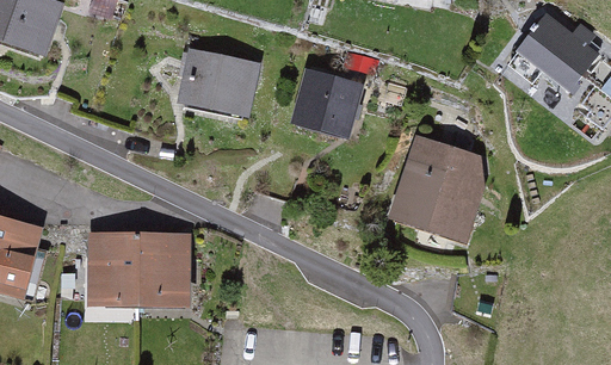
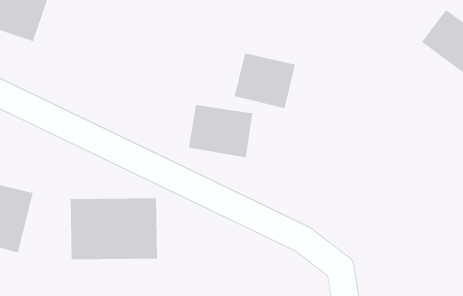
building: [177,48,255,112] -> [188,104,253,158]
building: [387,144,480,234] -> none

